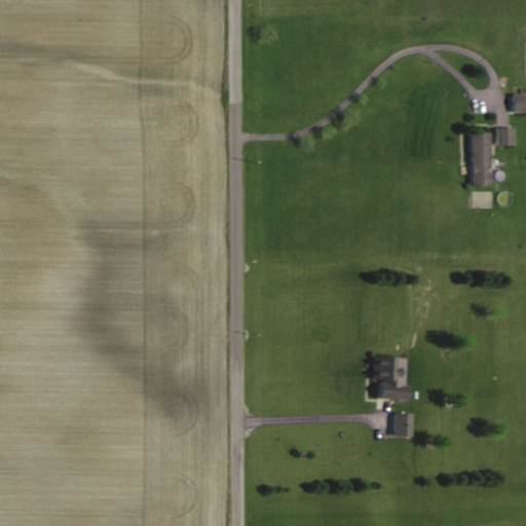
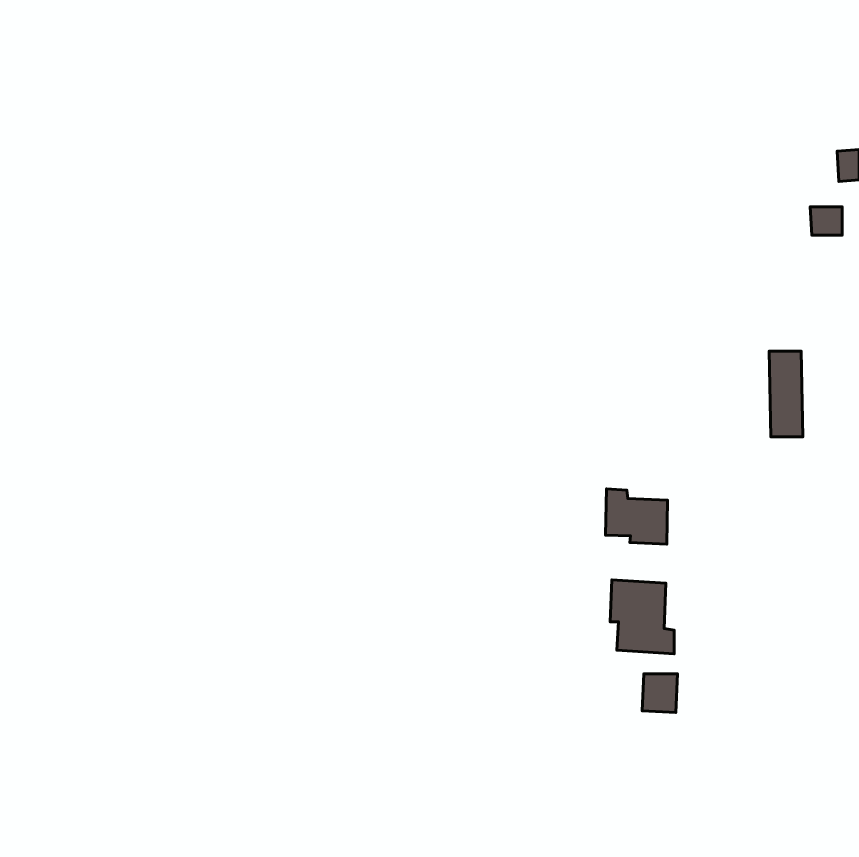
building: [471,134,491,186] -> [769,351,803,437]
building: none -> [605,489,667,544]

